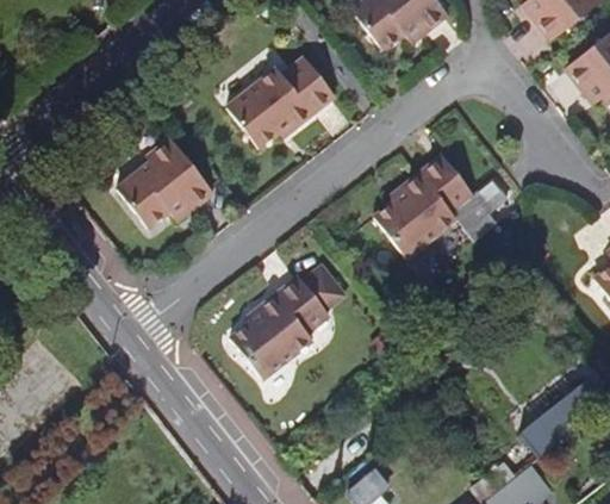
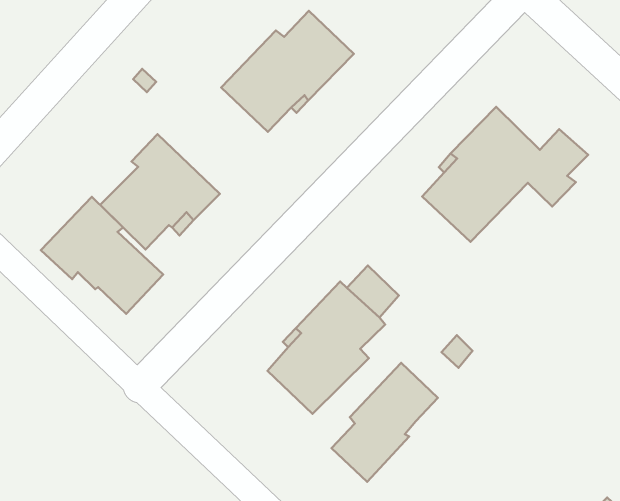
building: none -> [41,197,163,314]
building: none -> [332,363,438,482]

